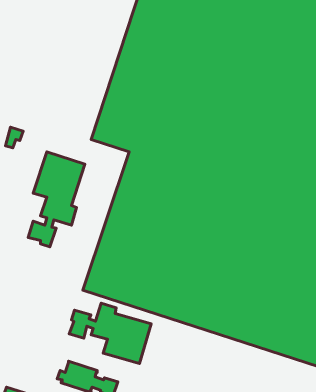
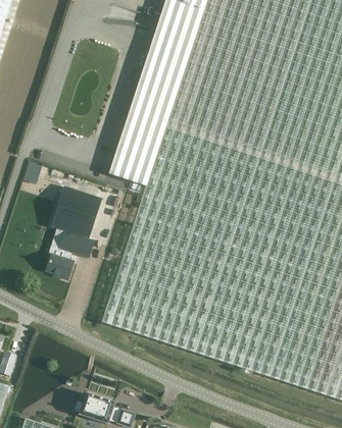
building: [69,303,151,363] -> none

